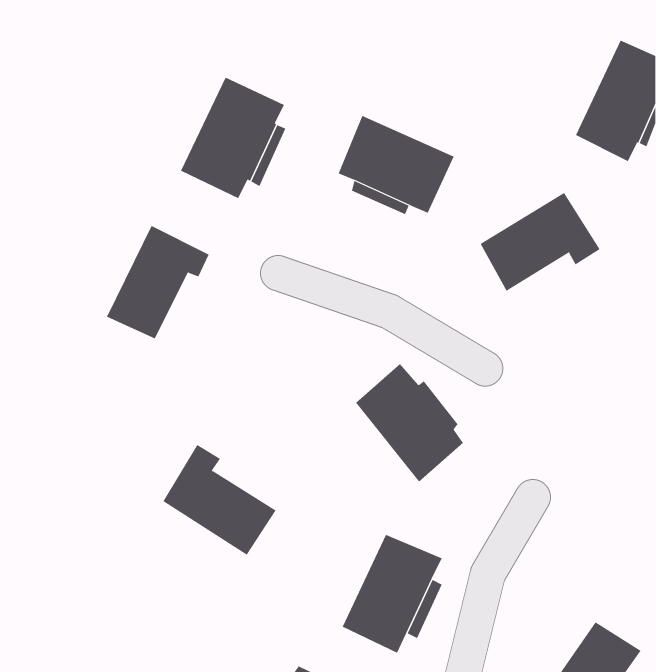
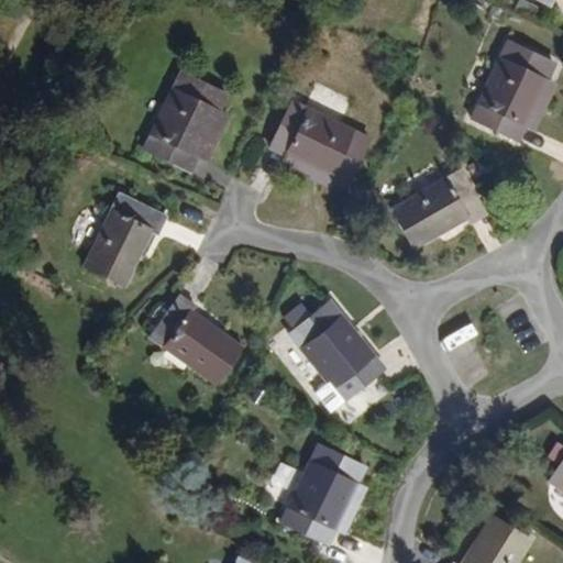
building: [162,444,276,555] -> [151,289,245,382]

